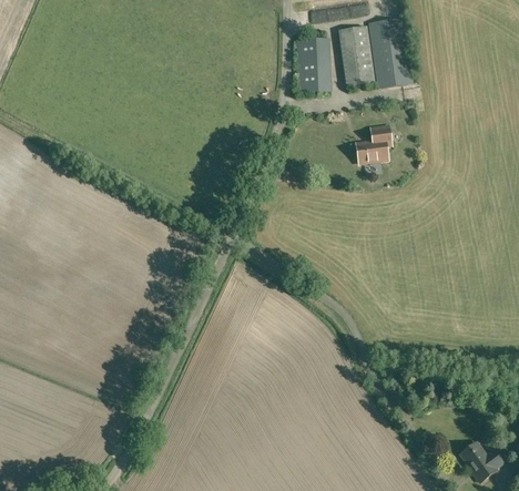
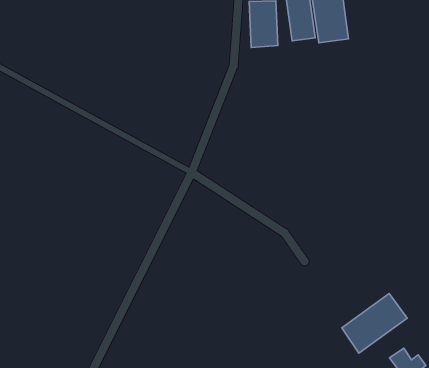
building: [355,125,390,163] -> none
building: none -> [342,294,407,353]

